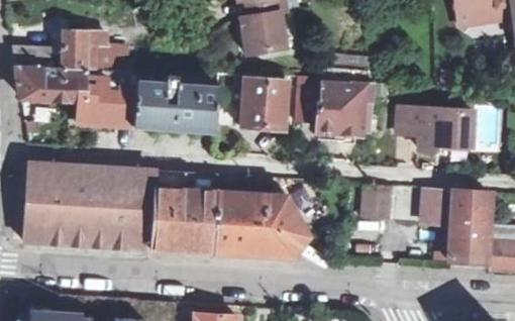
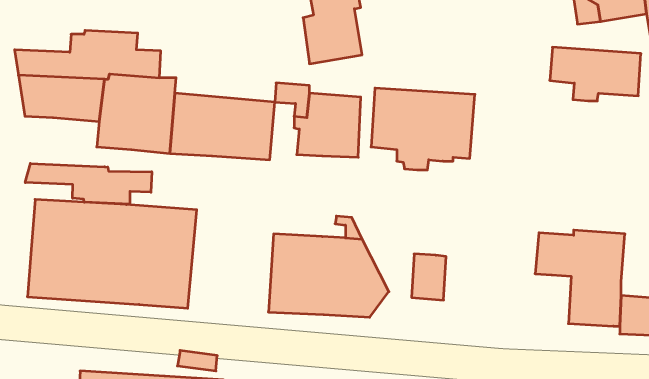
building: [401,105,473,147] -> [550,47,641,101]
building: none -> [25,163,152,204]
building: [149,172,218,252] -> none
building: [362,183,389,219] -> [412,254,446,300]

